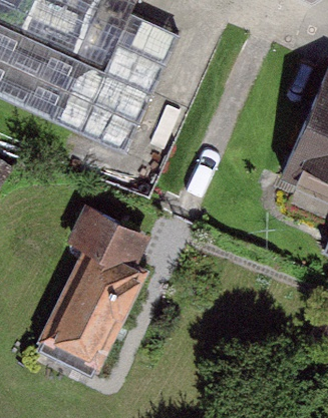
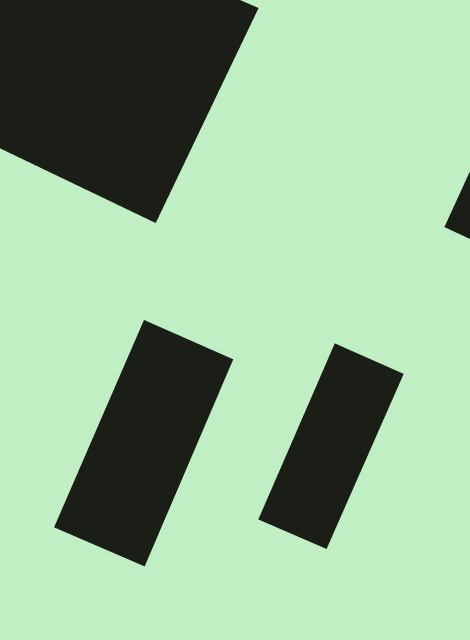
building: none -> [257,343,405,550]

